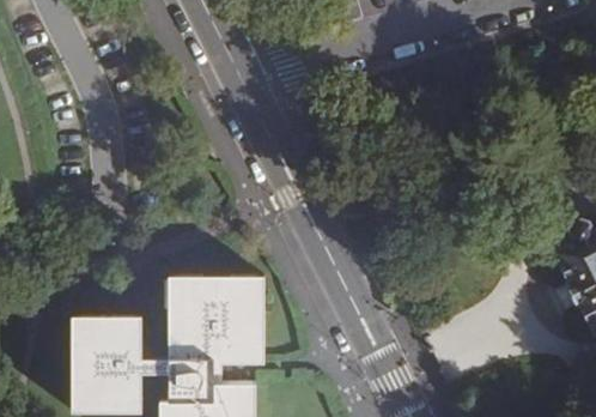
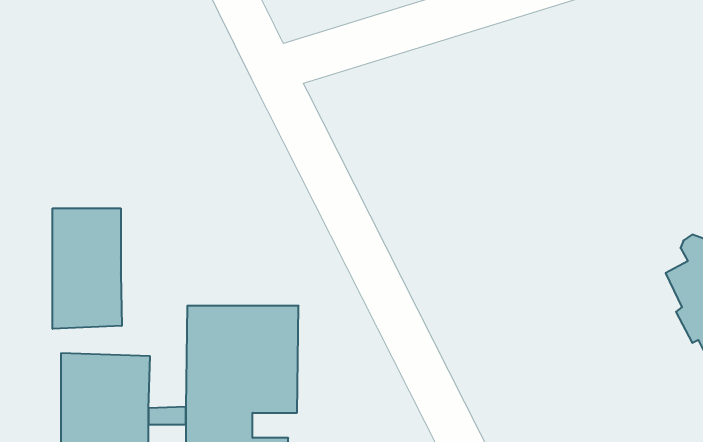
building: none -> [53,208,122,329]

